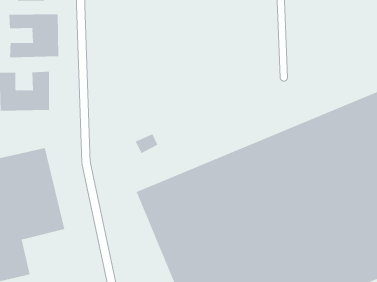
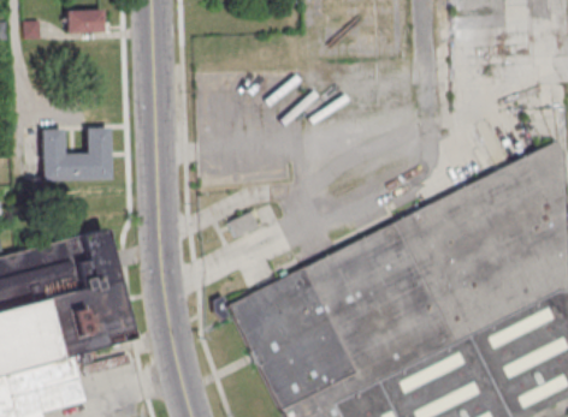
building: [9,13,59,58] -> none

